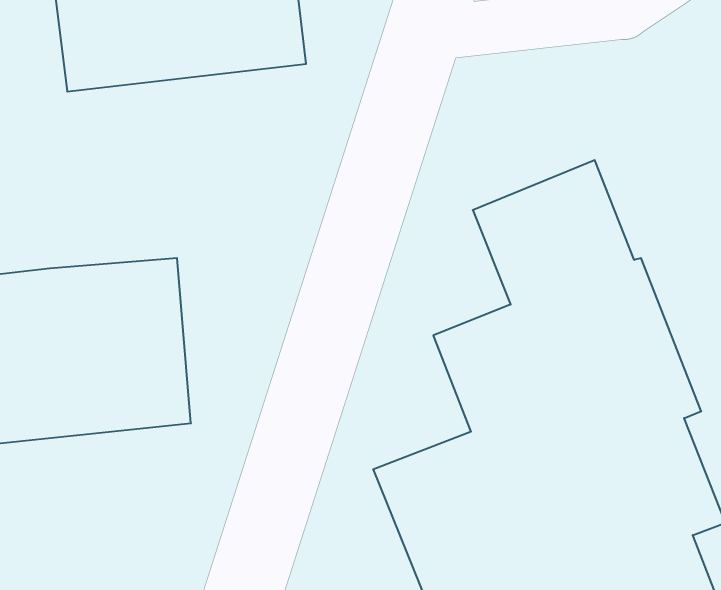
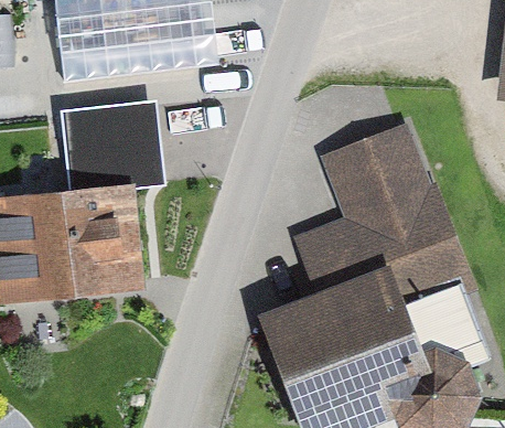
building: none -> [46,100,136,192]

